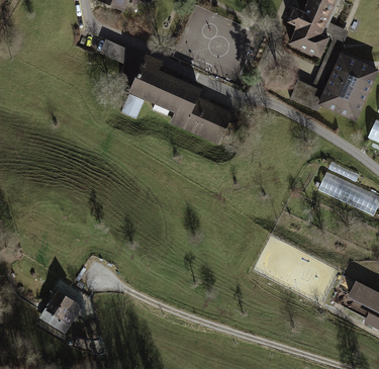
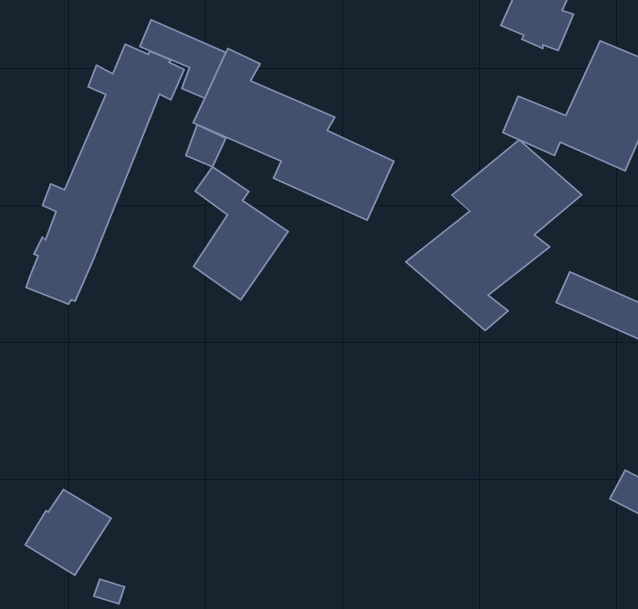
building: none -> [26,44,184,304]
building: none -> [406,140,582,331]
building: none -> [194,167,288,300]

